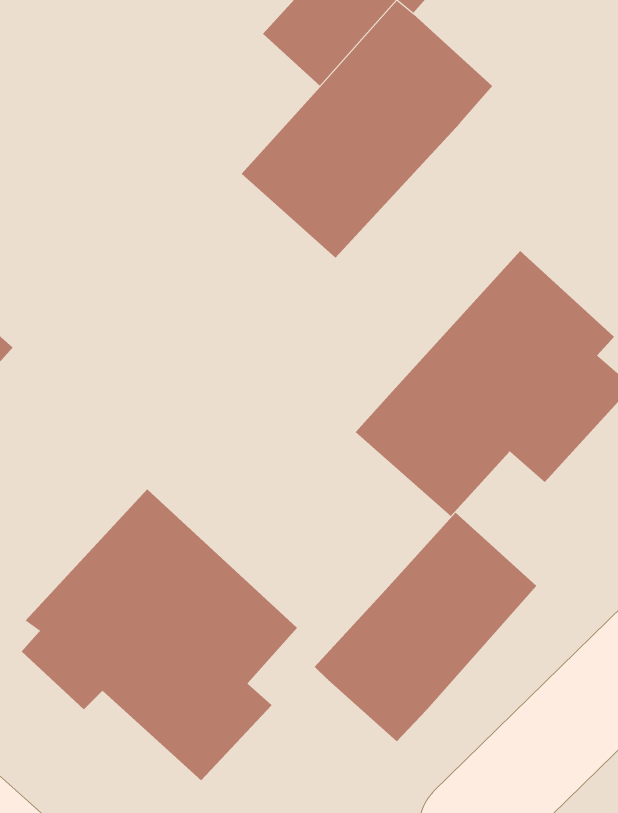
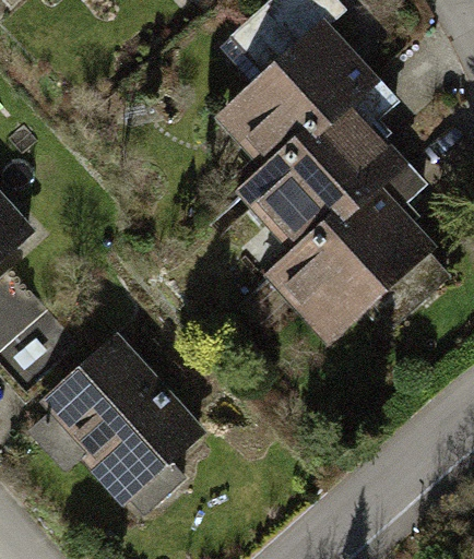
building: none -> [234,106,407,274]
building: [314,512,537,742] -> none

